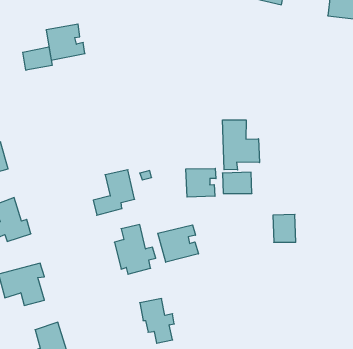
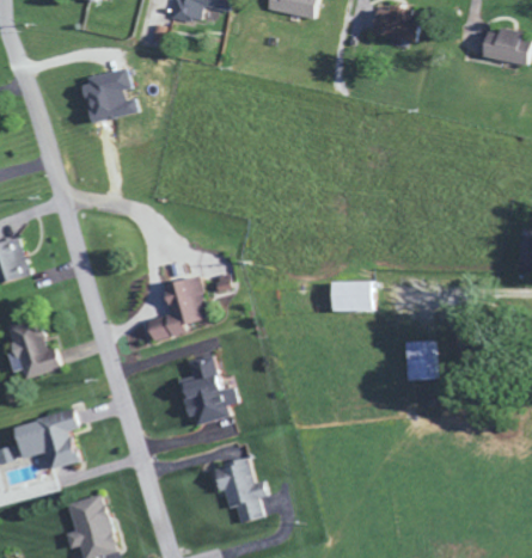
building: [23,47,52,70] -> none
building: [223,120,259,170] -> none
building: [186,168,216,197] -> none
building: [158,225,198,262] -> none

